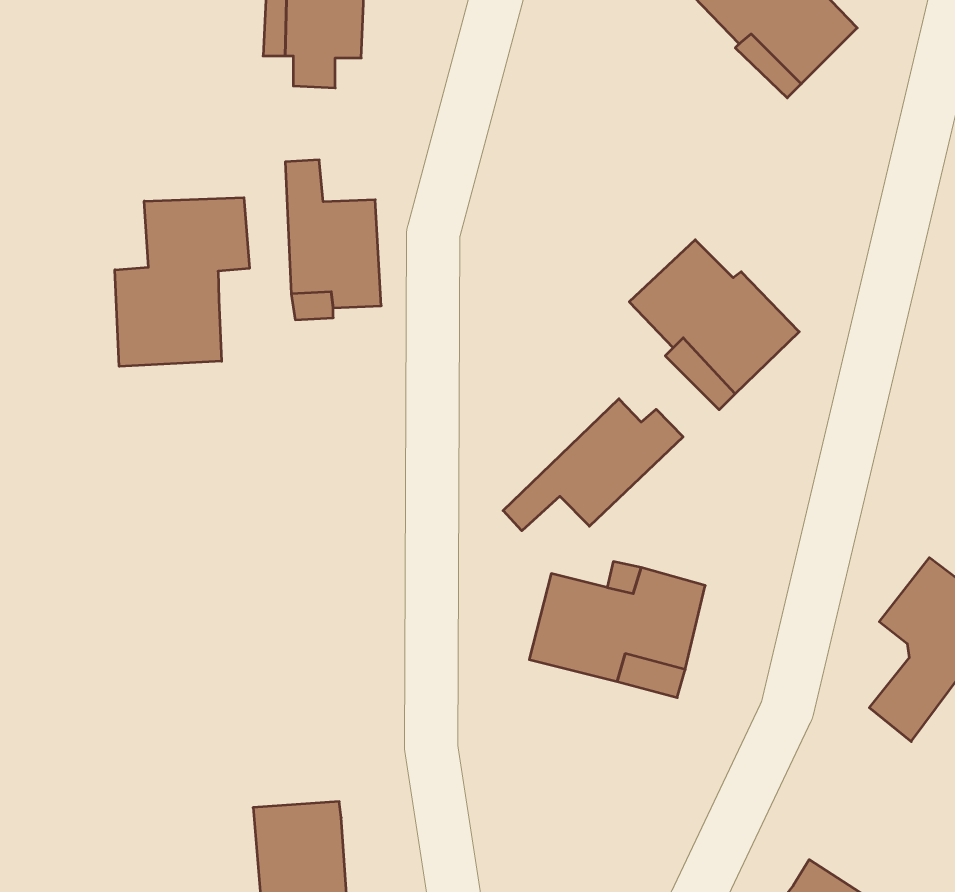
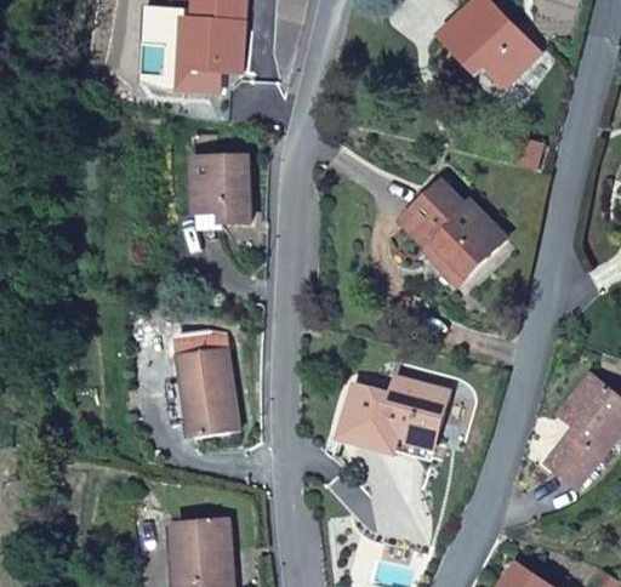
building: [115,198,249,366] -> none
building: [503,399,683,531] -> none
building: none -> [177,347,238,437]

